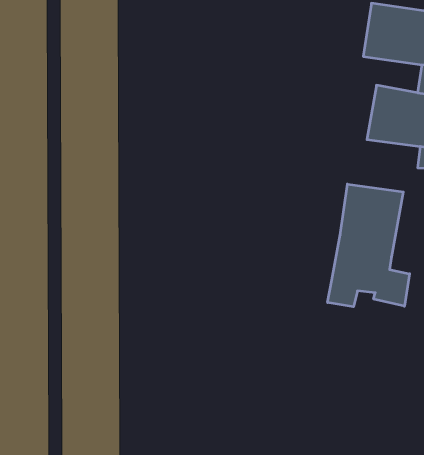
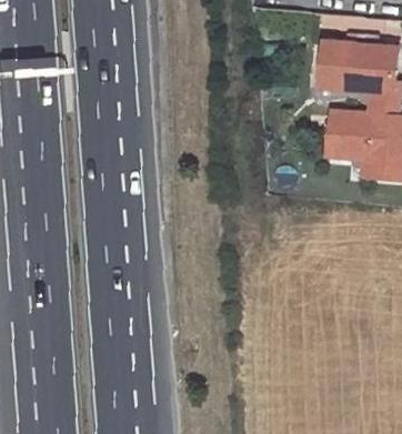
building: [328,184,410,307] -> none

